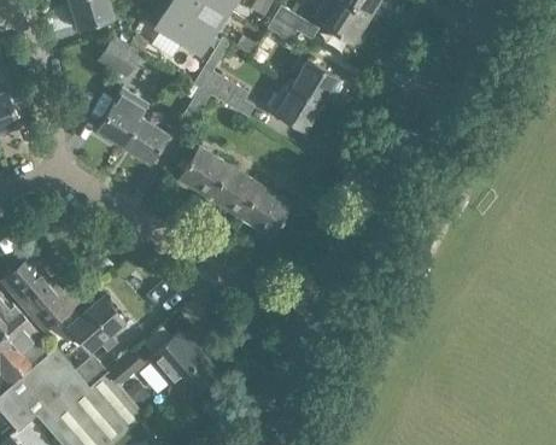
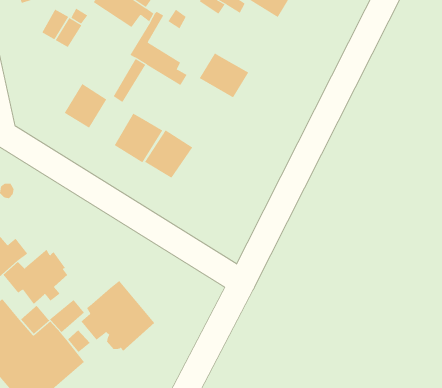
building: [291,58,338,104] -> none
building: [95,87,150,147] -> none
building: [239,185,293,239] -> none

